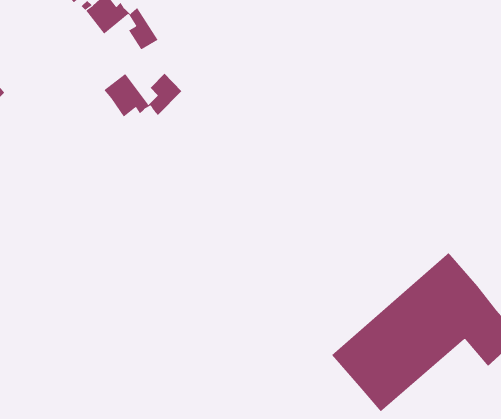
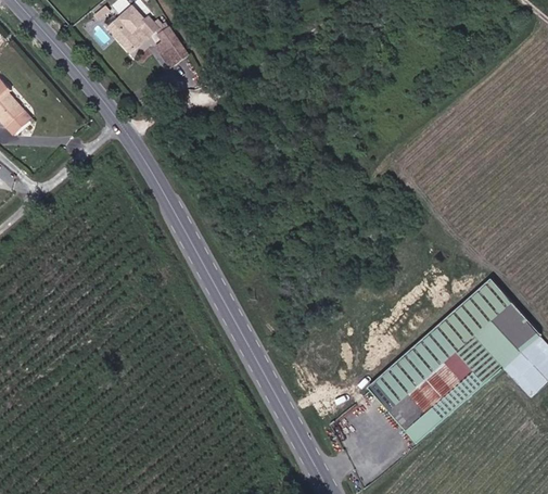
building: [104,73,182,118] -> none

